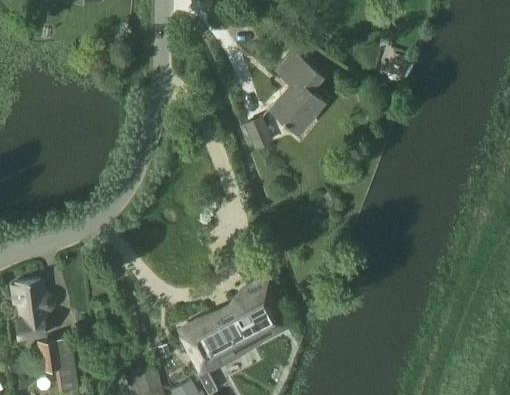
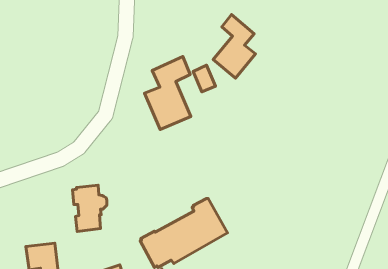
building: none -> [145,56,191,129]
building: [11,281,54,339] -> [72,185,107,232]

